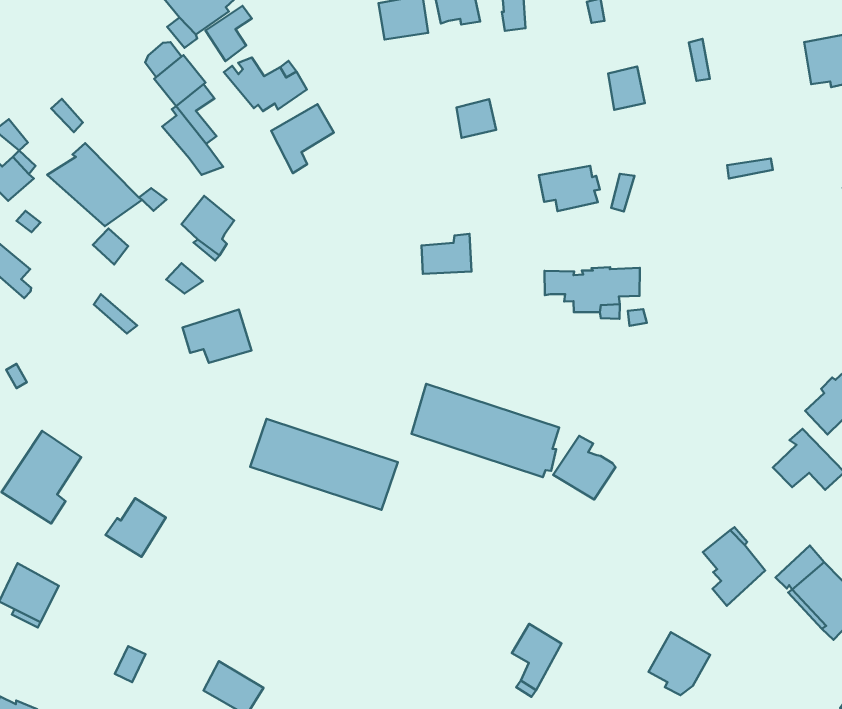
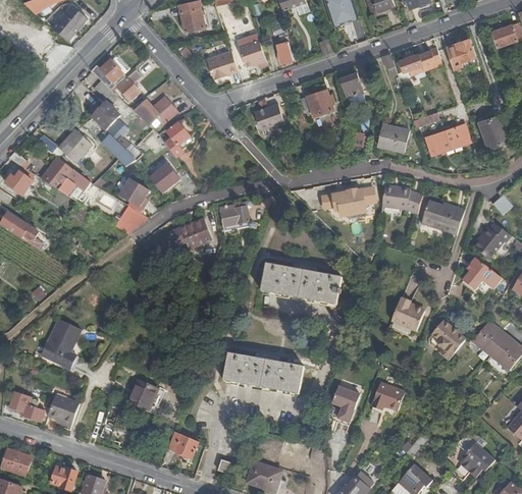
building: none -> [398,47,437,71]
building: none -> [58,129,91,163]
building: none -> [375,123,409,152]
building: [539,166,600,211] -> [299,89,333,116]
building: none -> [149,163,179,194]
building: none -> [425,124,469,154]
building: [421,234,472,274] -> [219,201,249,226]
building: none -> [381,183,422,211]
building: [182,310,252,363] -> [172,217,212,249]
building: none -> [420,198,463,234]
building: [250,419,398,510] -> [222,353,303,394]
building: [553,436,616,499] -> [389,297,423,331]
building: [106,498,166,557] -> [125,380,157,411]
building: [648,632,710,695] -> [369,382,402,416]

